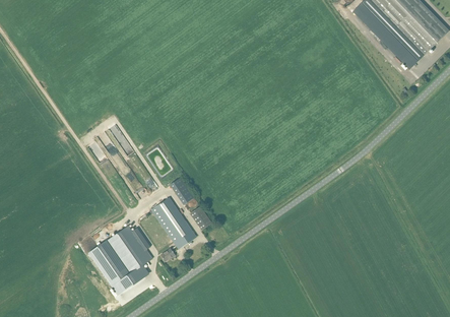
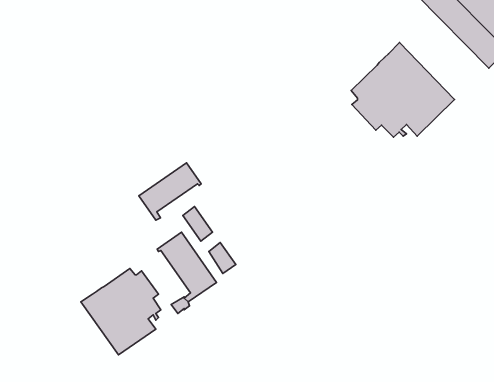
building: none -> [351,42,454,137]
building: none -> [139,163,201,220]

